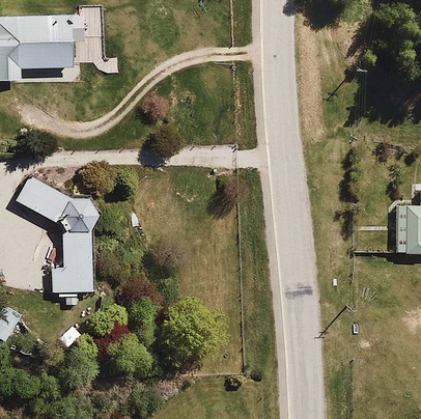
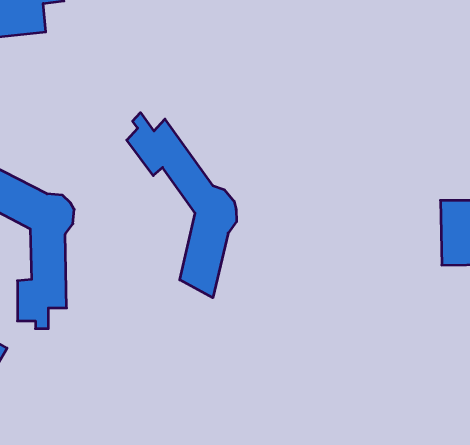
building: none -> [127,113,237,298]

